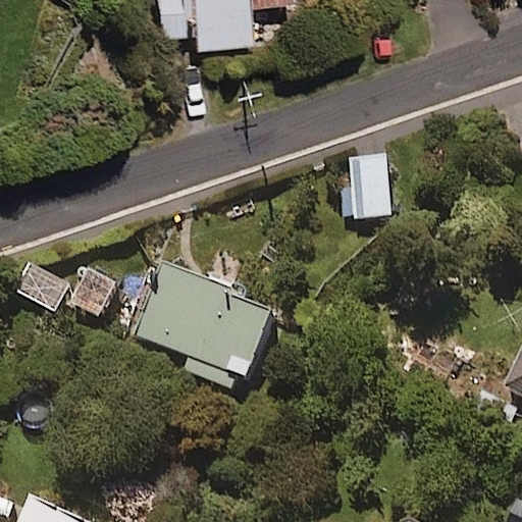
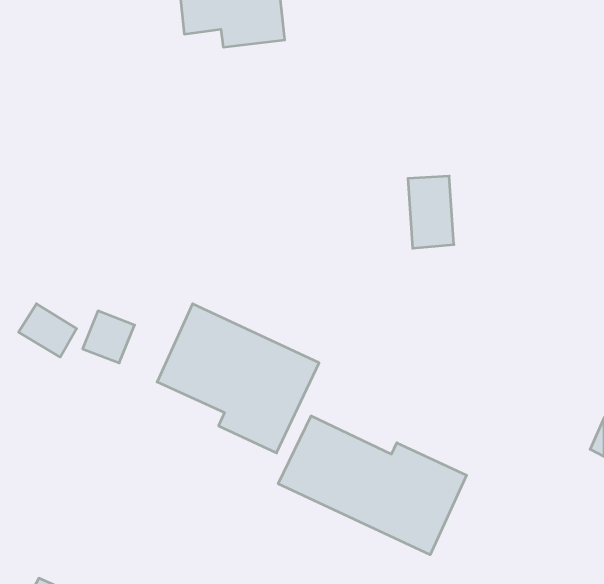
building: none -> [278,416,467,555]

